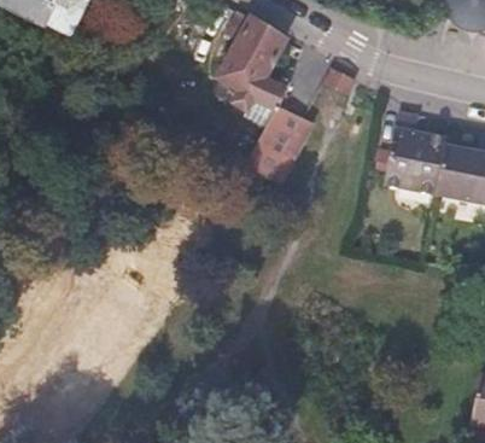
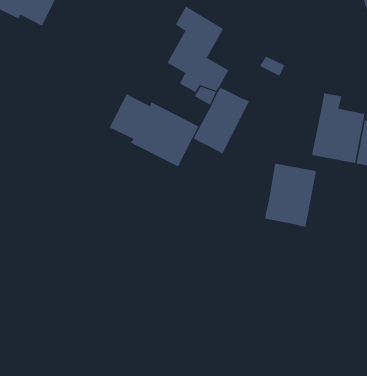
building: none -> [109,93,199,167]
building: none -> [265,163,317,228]

